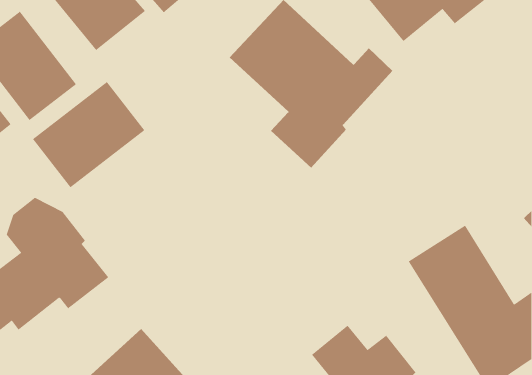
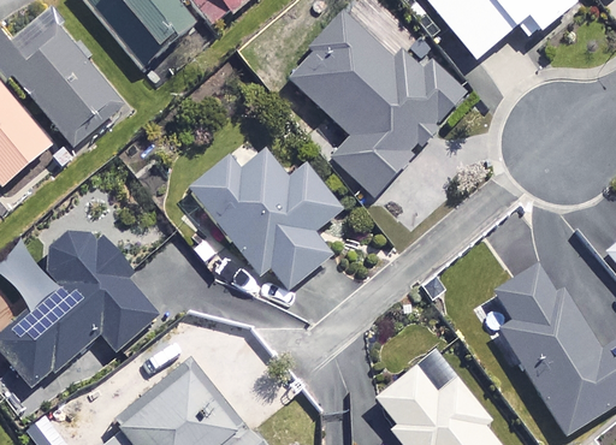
building: [32,81,145,188] -> none
building: none -> [191,149,340,289]

